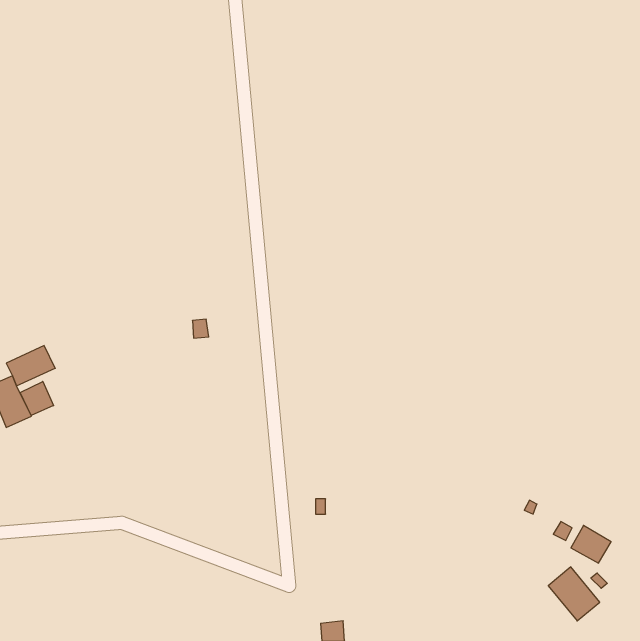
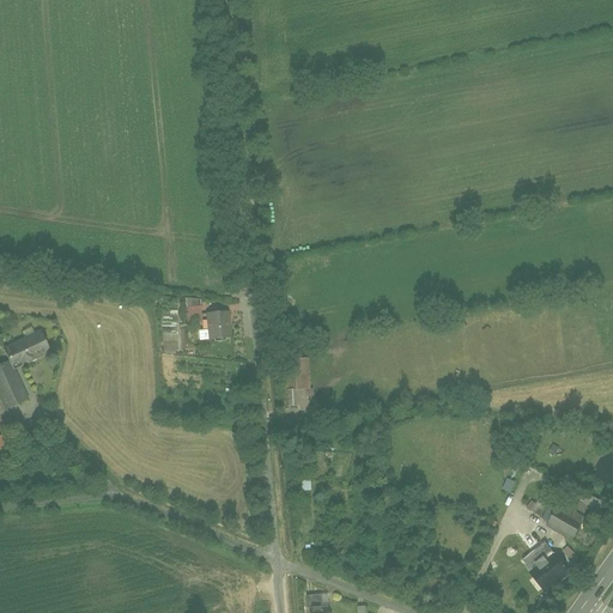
building: none -> [201,310,227,339]
building: [20,381,54,415] -> none

